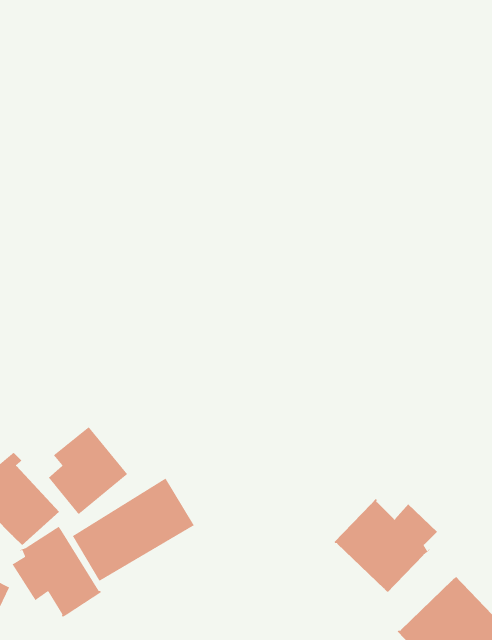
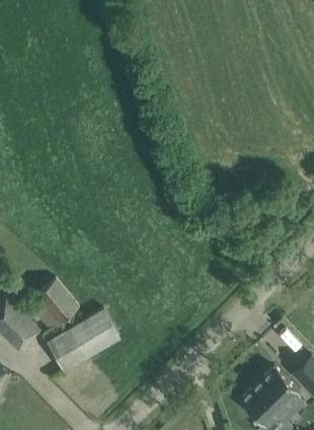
building: [333,498,438,594] -> none
building: [11,525,102,618] -> none

